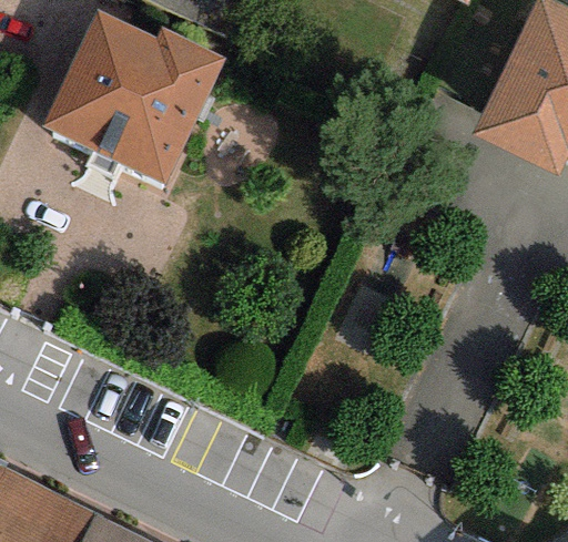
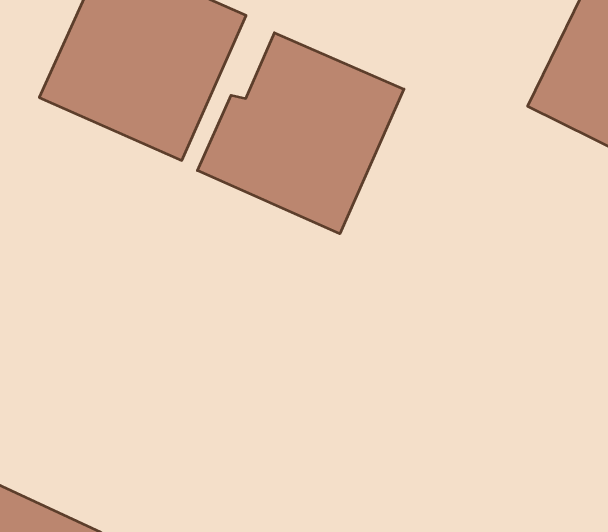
building: none -> [197,33,404,234]

